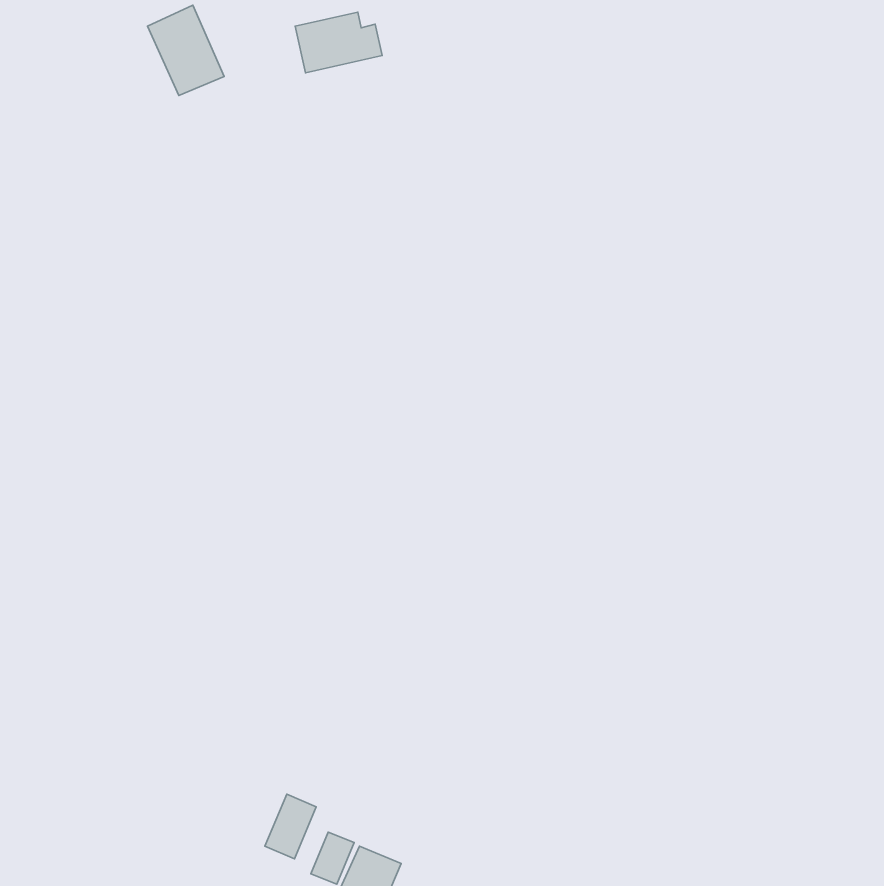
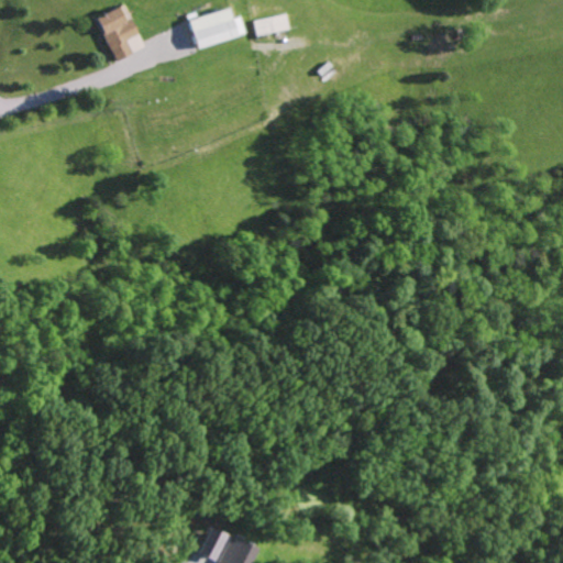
building: none -> [252,14,288,36]
building: [265,794,316,859] -> none

